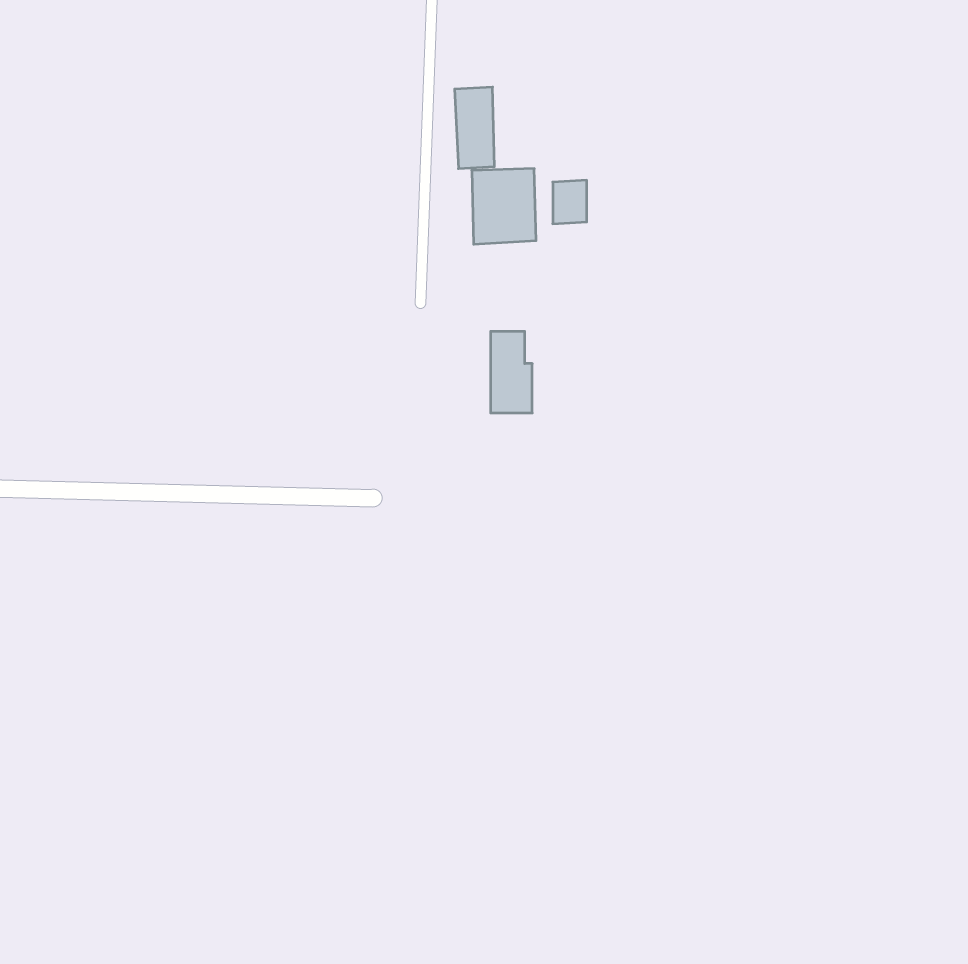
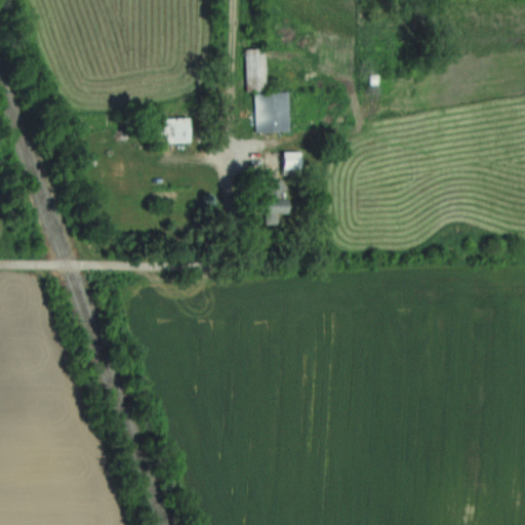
building: [553,180,587,224] -> [283,152,301,175]
building: none -> [156,114,192,144]

